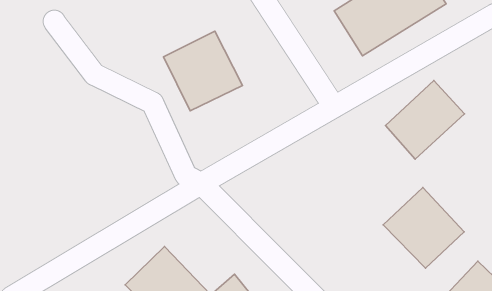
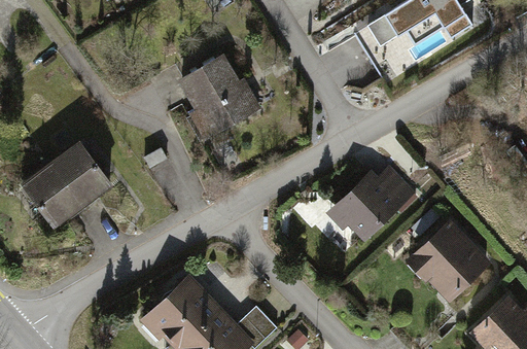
building: [386,80,464,159] -> [330,160,413,242]
building: none -> [24,139,114,228]

